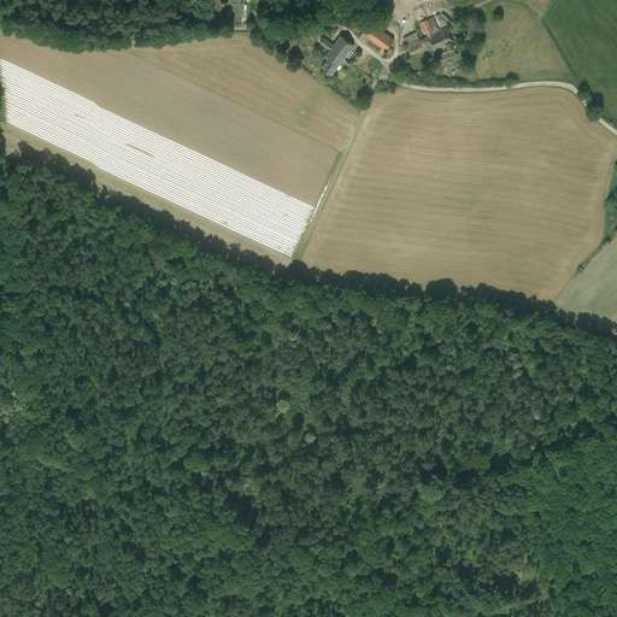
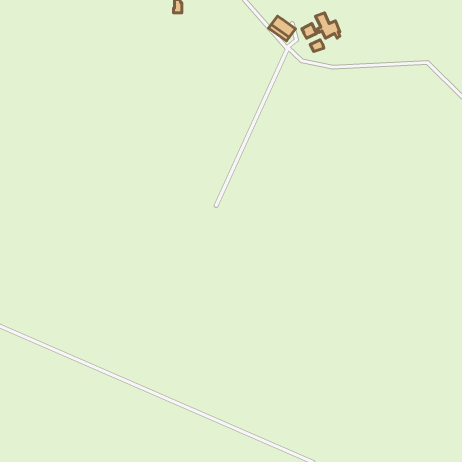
building: [319,35,353,75] -> none

